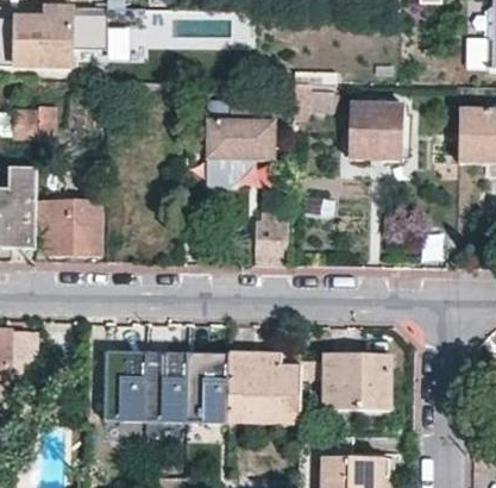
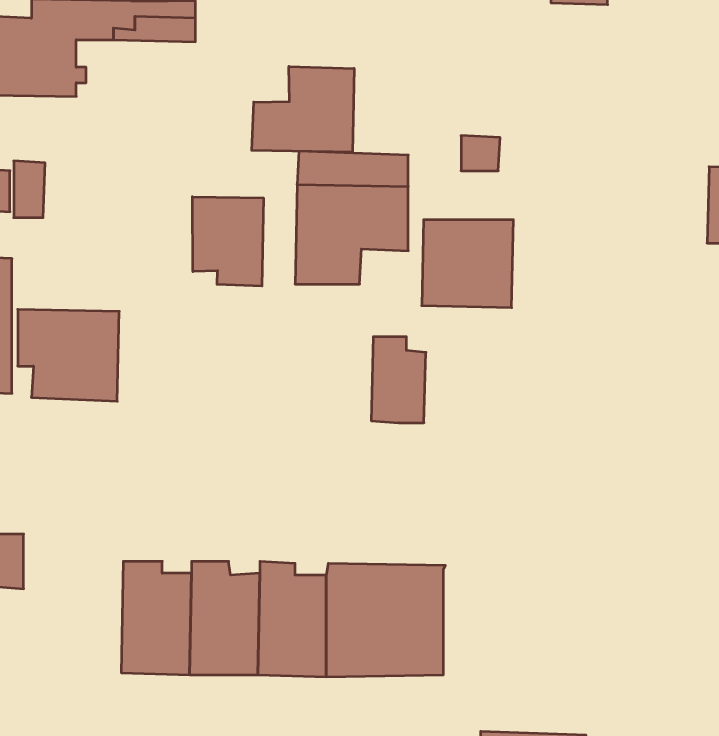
building: none -> [252,66,354,152]
building: [350,108,406,162] -> [422,220,513,308]
building: none -> [192,197,263,286]
building: [299,350,390,402] -> none

